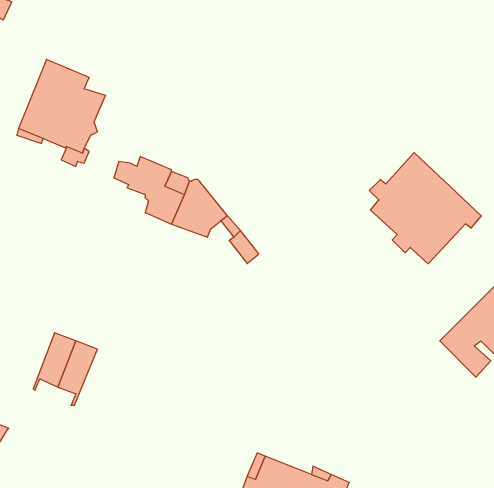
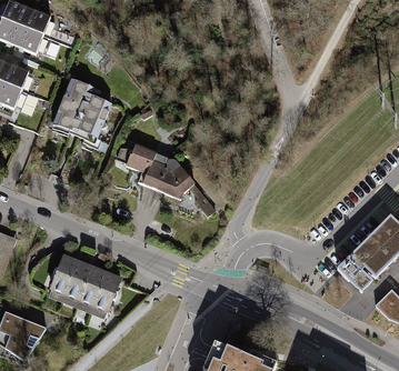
building: [369,153,481,264] -> none
building: none -> [49,257,77,300]
building: none -> [90,273,120,317]

